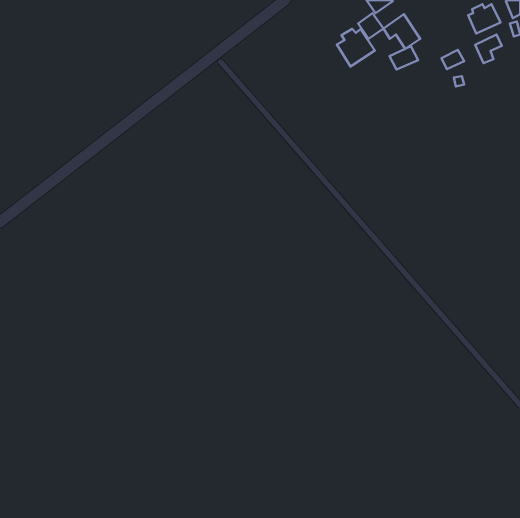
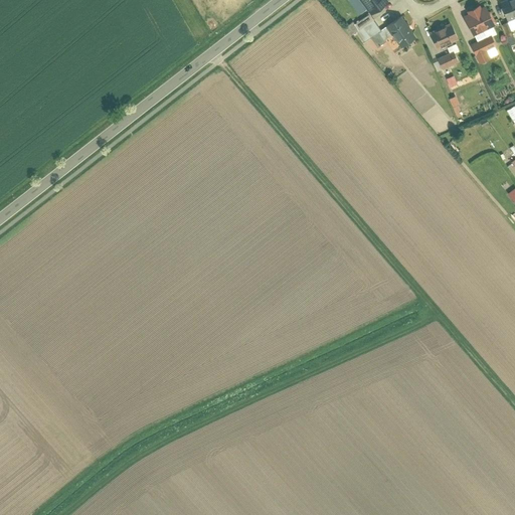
building: [337,29,375,67] -> none
building: [390,46,418,69] -> [428,24,457,47]

